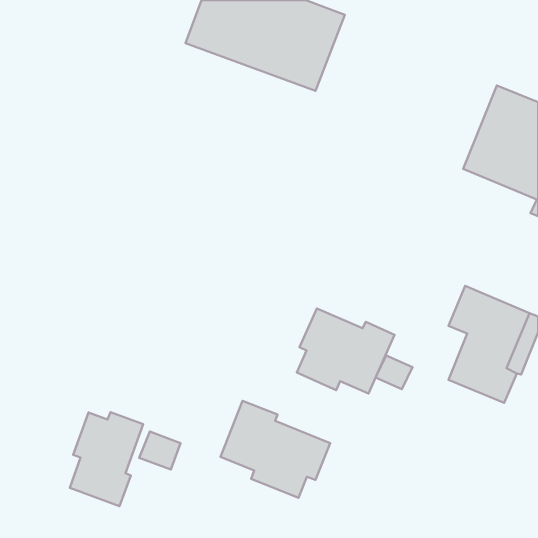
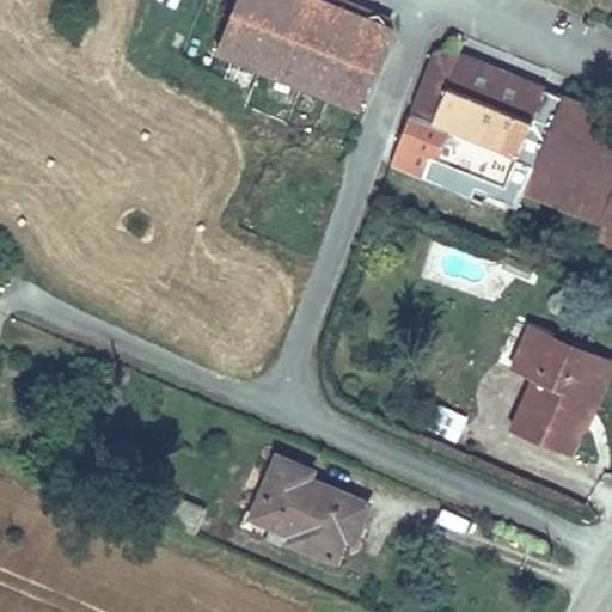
building: none -> [392,48,563,218]
building: [297,308,395,393] -> none
building: [70,412,143,506] -> none

